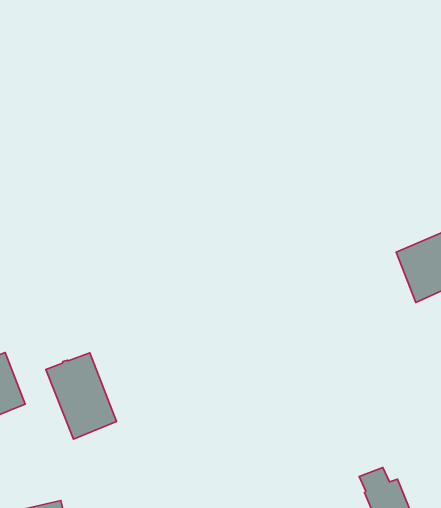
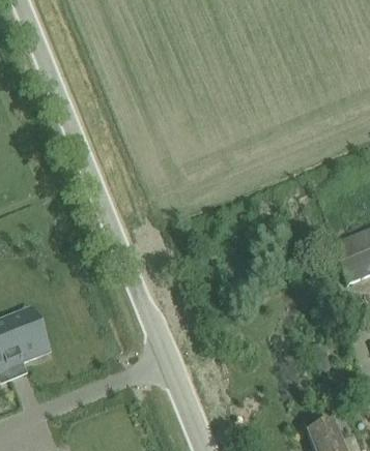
building: [46,353,117,439] -> none

